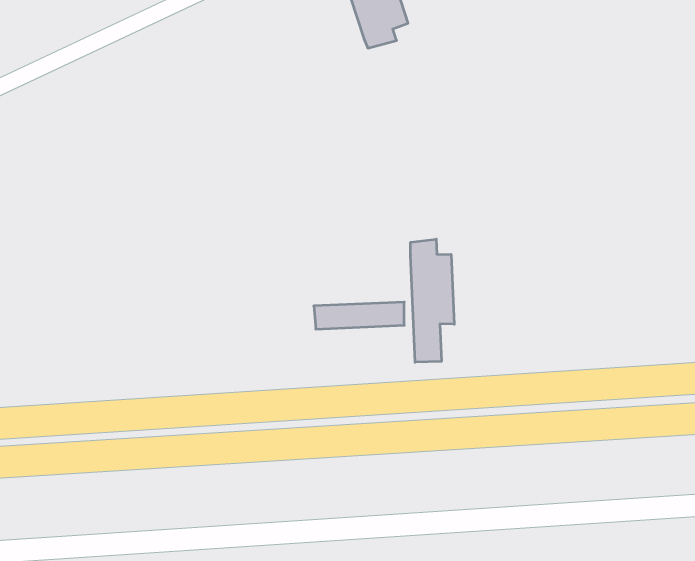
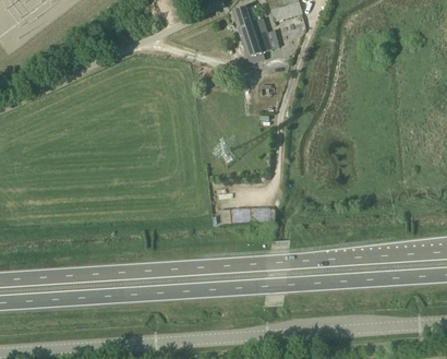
building: [411,239,454,362] -> none

